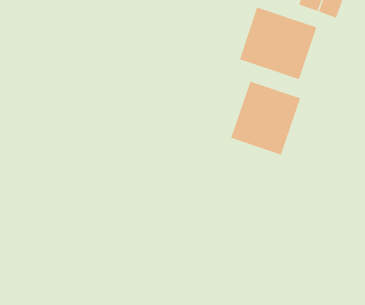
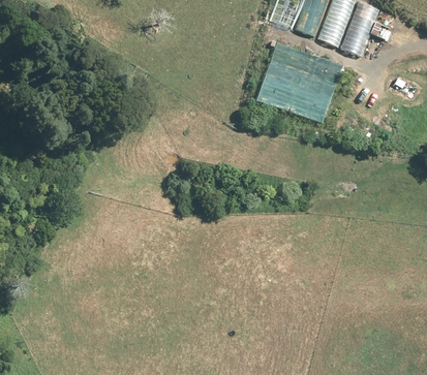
building: [230,81,301,155] -> none

